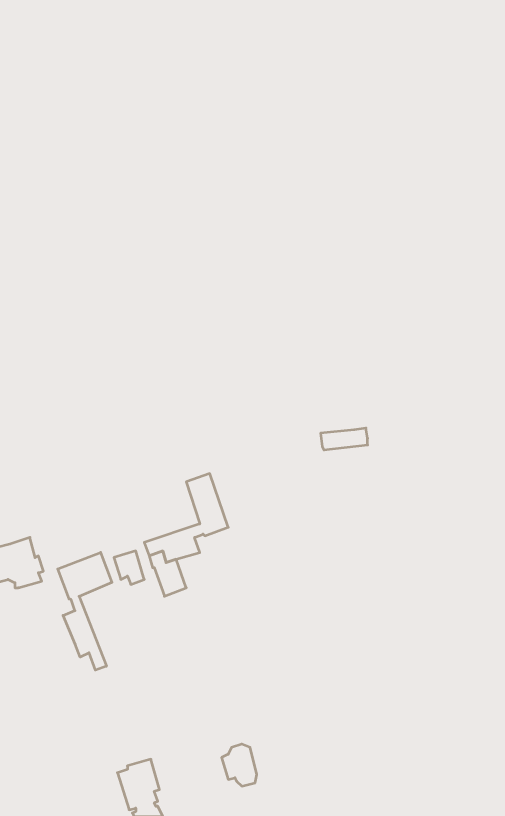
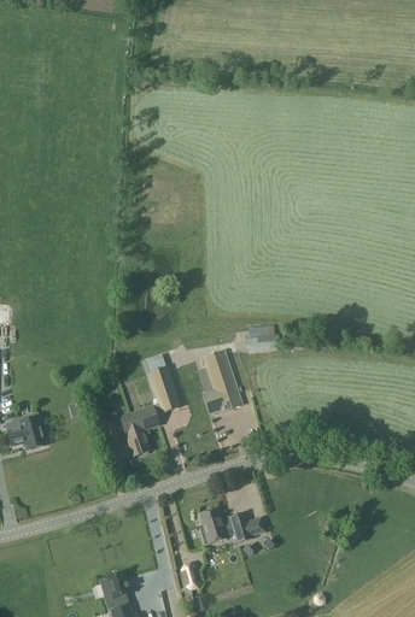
building: none -> [204,349,244,412]
building: [58,552,112,670] -> none
building: none -> [200,507,267,543]

